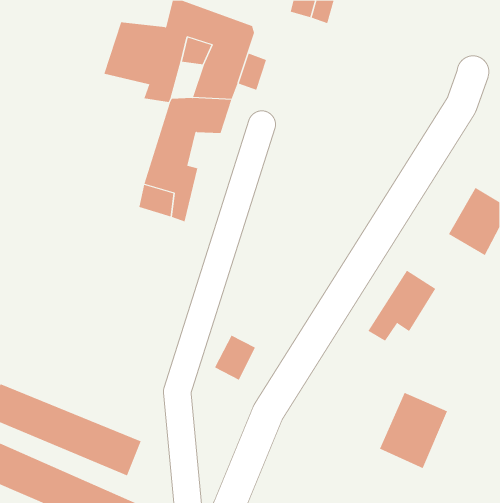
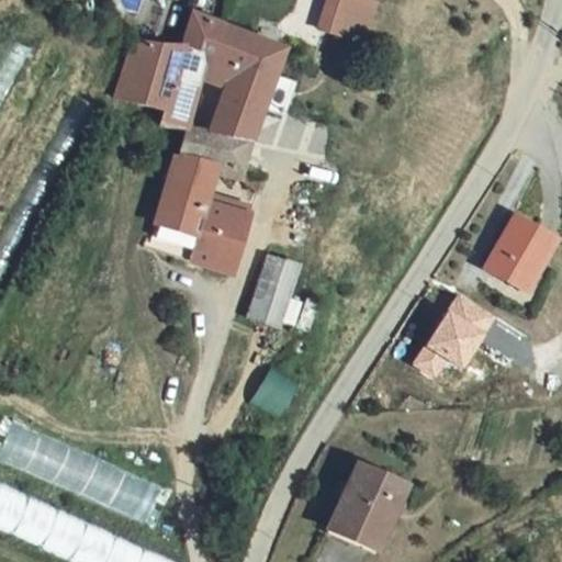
building: none -> [204,192,260,262]
building: none -> [250,245,301,315]
building: [379,392,448,469] -> [337,469,413,553]

